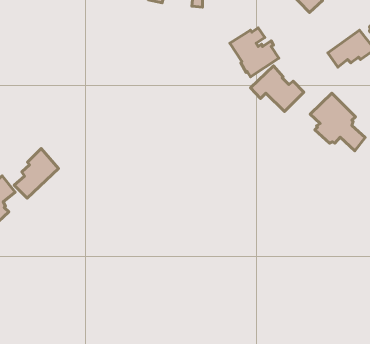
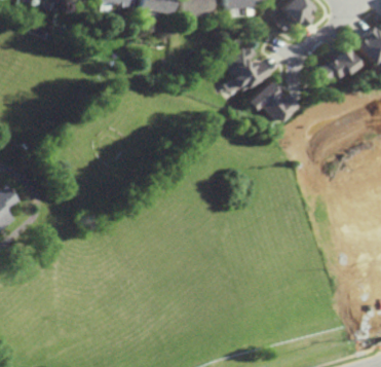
building: [310,93,365,151] -> none
building: [14,149,59,198] -> none

